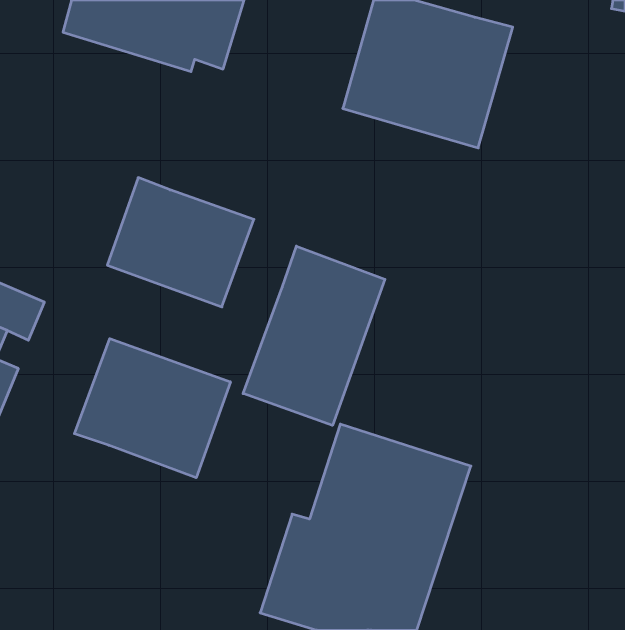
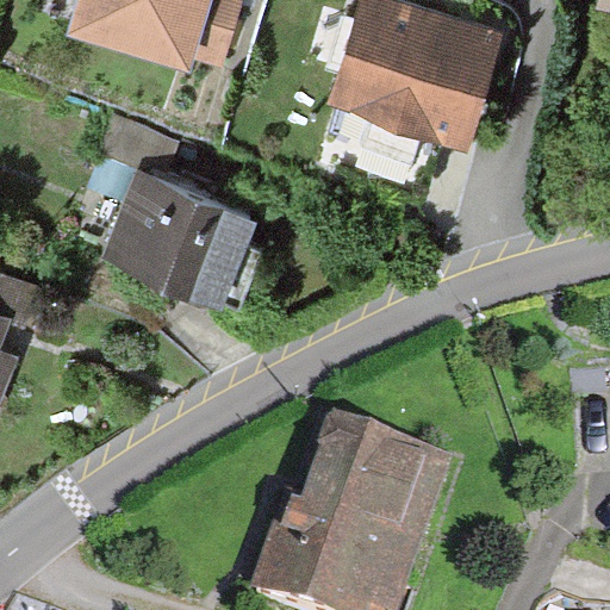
building: [243,246,385,425] -> none
building: [74,339,230,478] -> none

